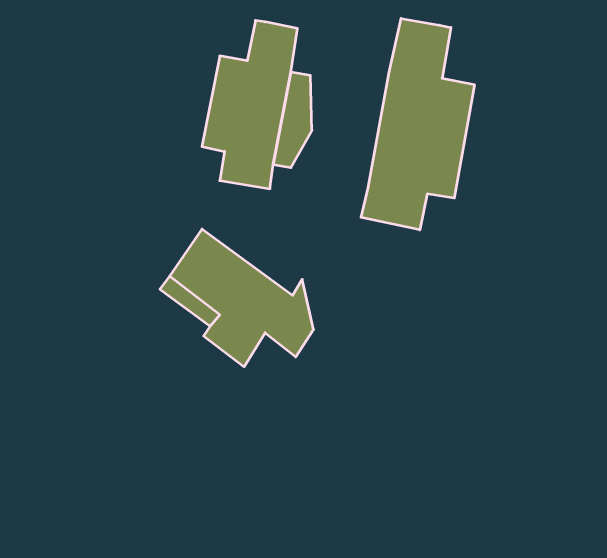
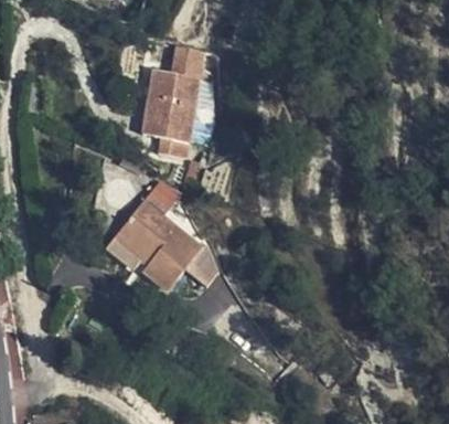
building: [361,18,474,230] -> none

